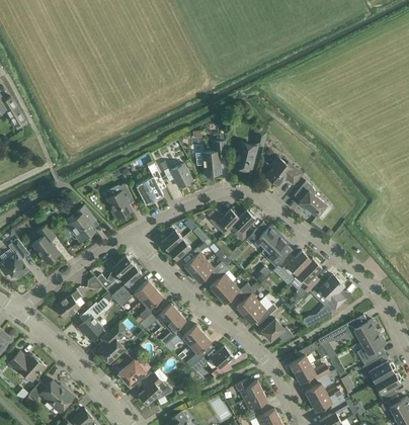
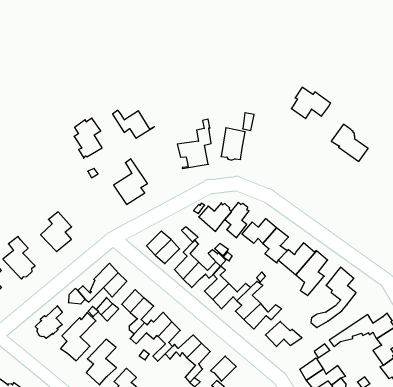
building: [266,157,302,185] -> [291,87,331,119]
building: [160,161,196,187] -> [113,110,154,138]
building: [294,181,326,216] -> [331,124,368,161]
building: [107,183,132,219] -> [74,118,102,158]

